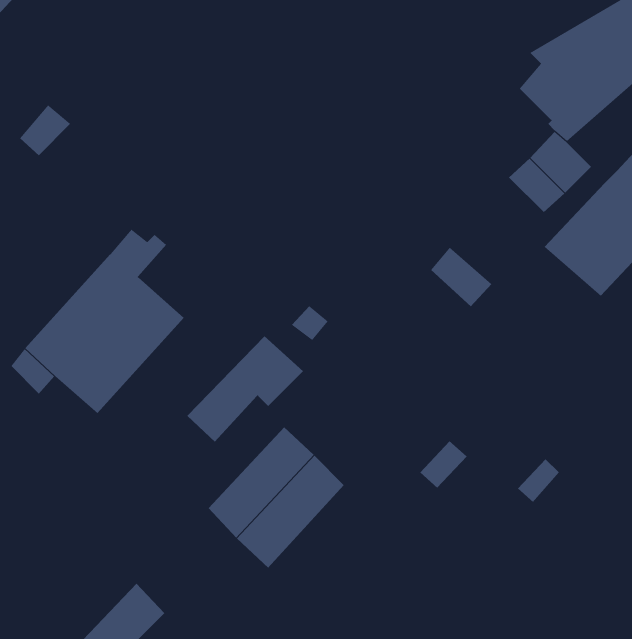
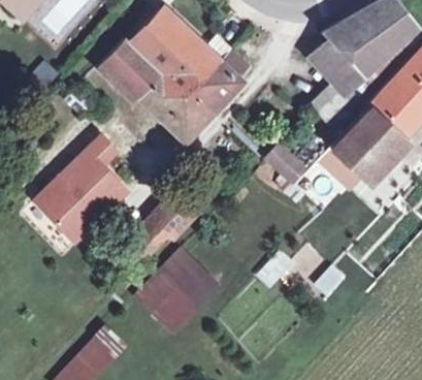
building: none -> [105,8,251,137]
building: none -> [297,145,367,195]

